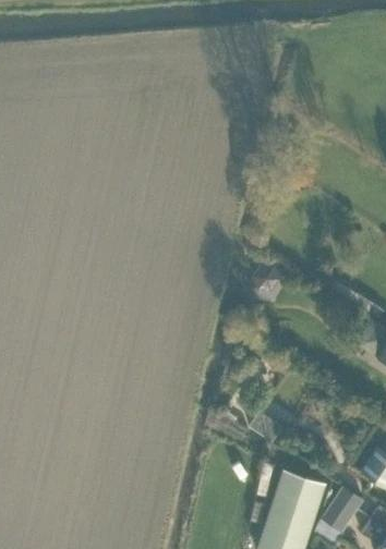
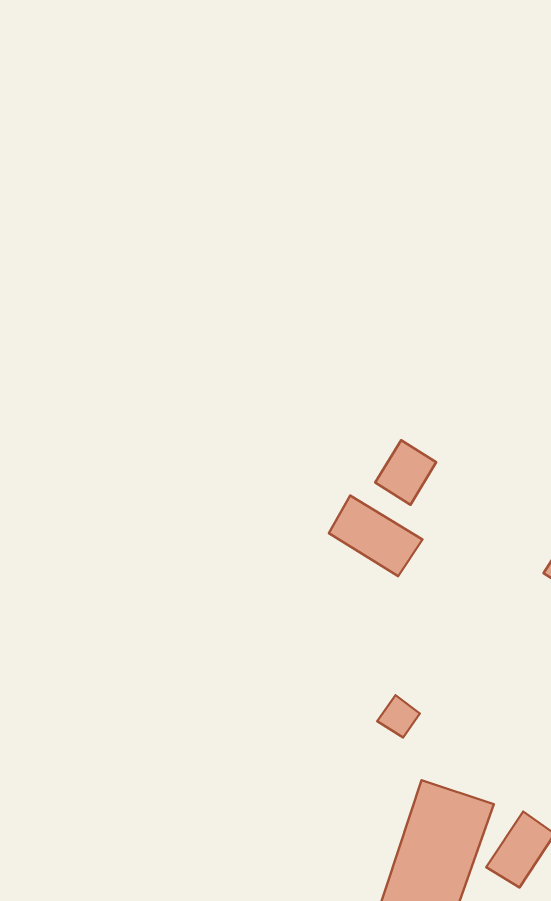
building: none -> [329,496,423,576]

